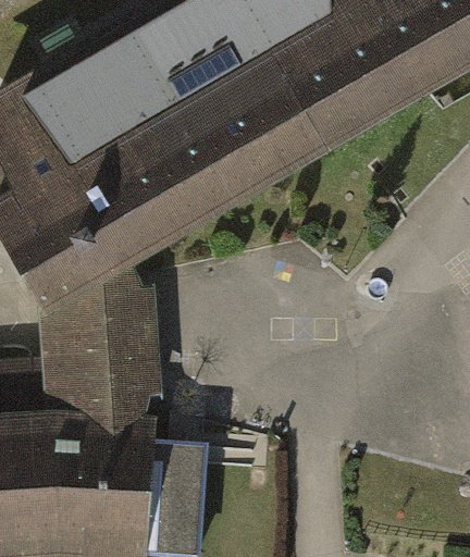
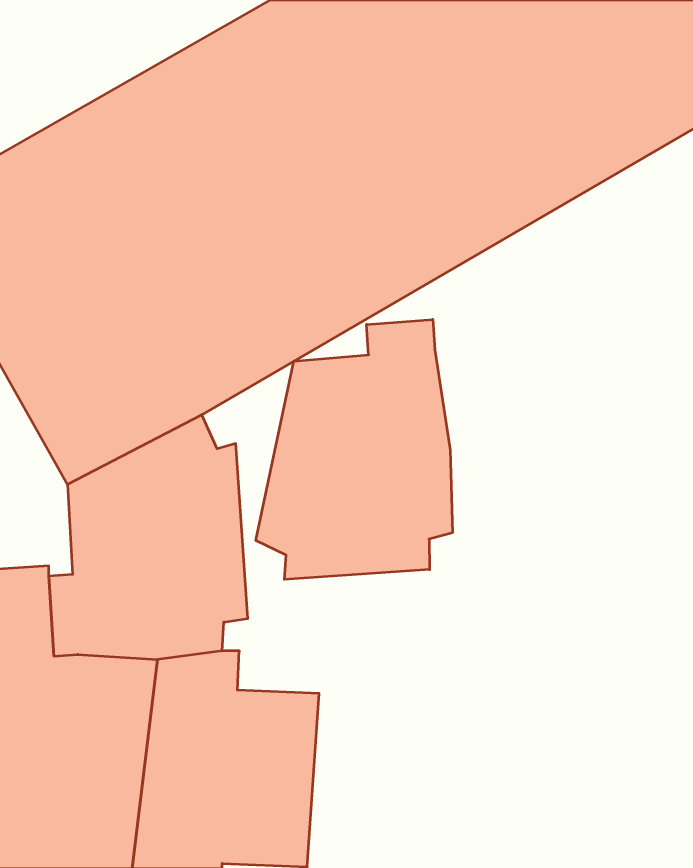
building: none -> [256,319,452,579]

